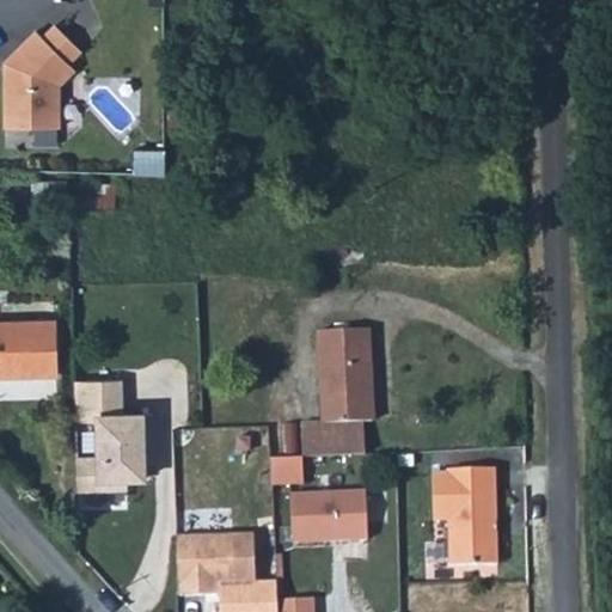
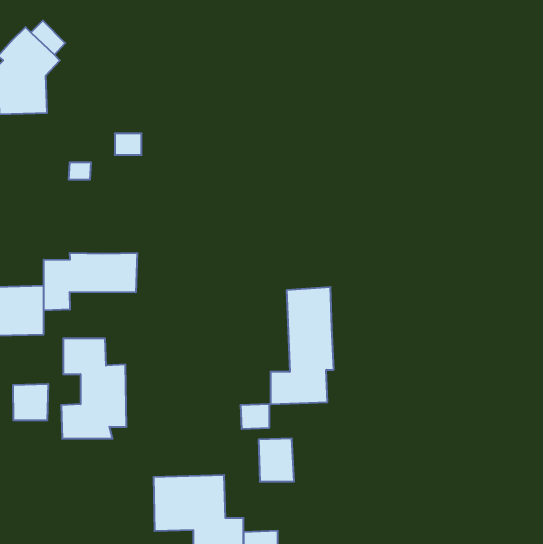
building: none -> [44,253,137,311]
building: none -> [13,384,48,420]
building: [435,465,497,561] -> none
building: [329,492,367,540] -> none

